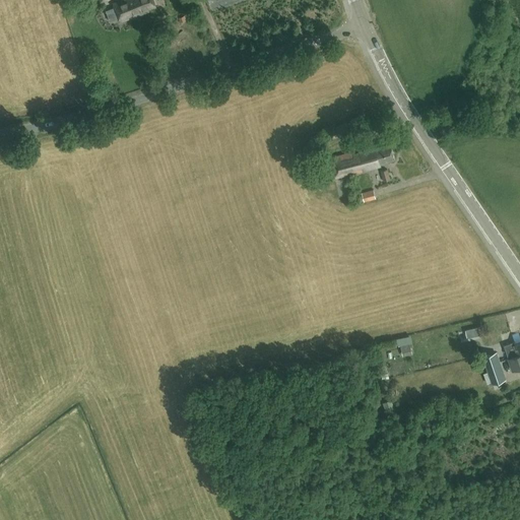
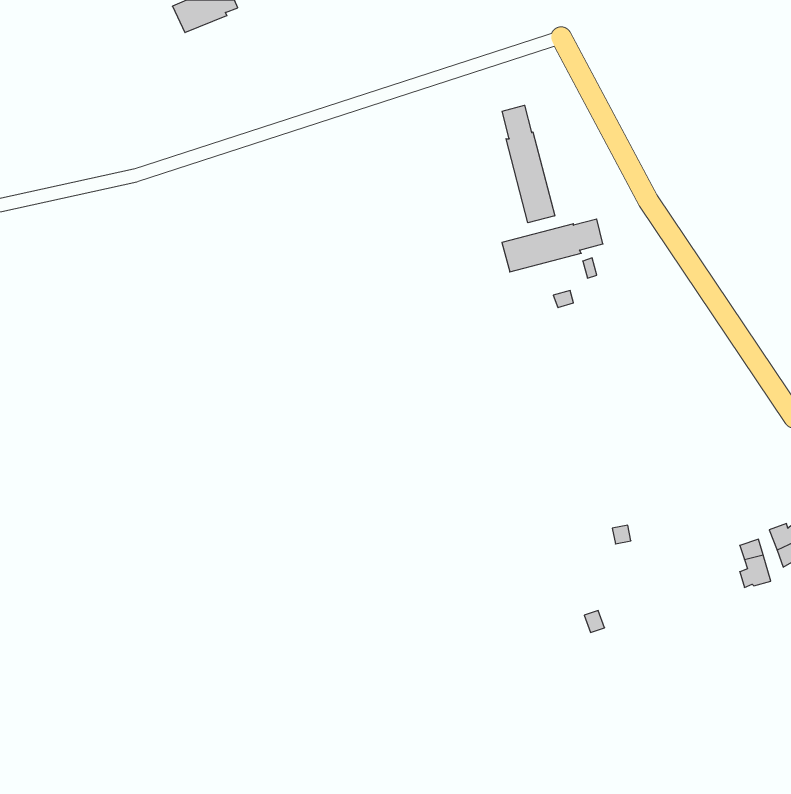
building: none -> [502,105,555,223]

